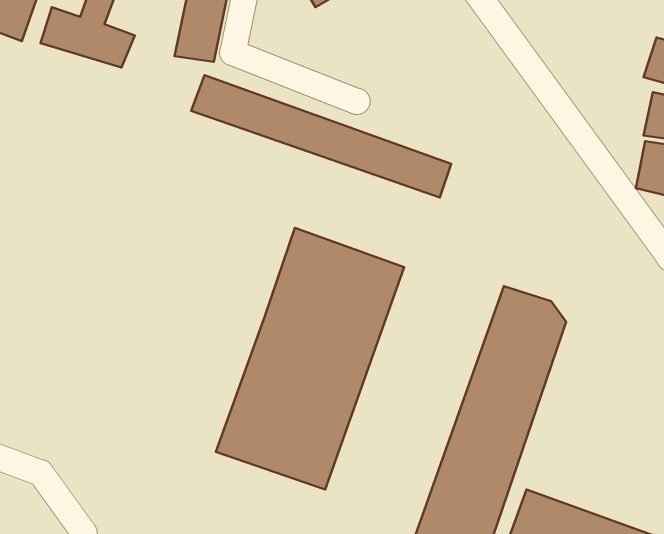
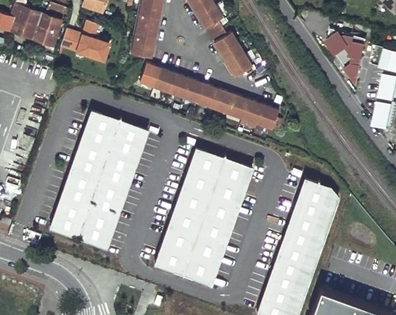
building: none -> [329,30,369,84]
building: none -> [214,33,252,78]
building: none -> [49,107,149,246]

